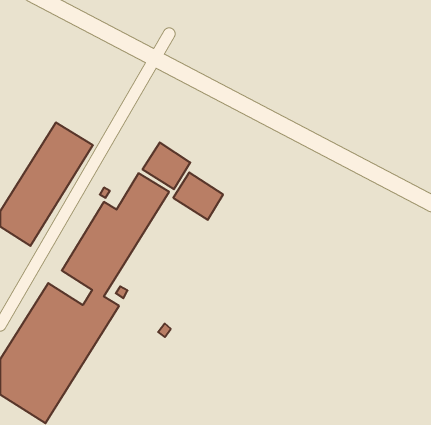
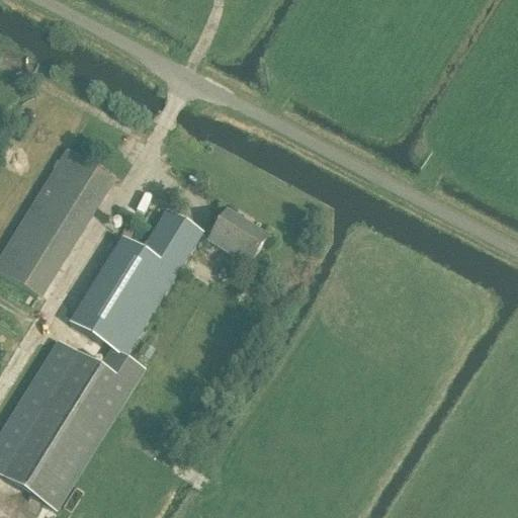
building: [143,142,190,189] -> none

